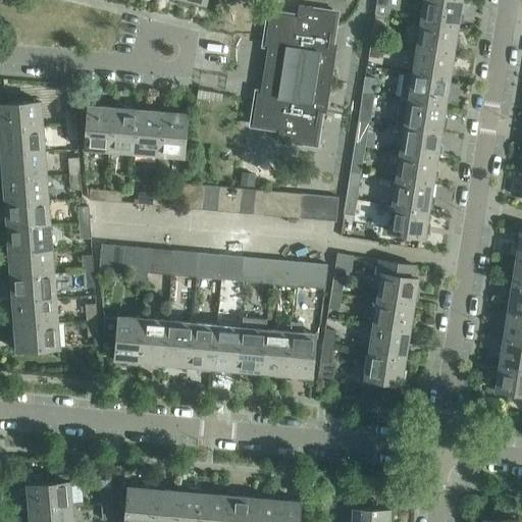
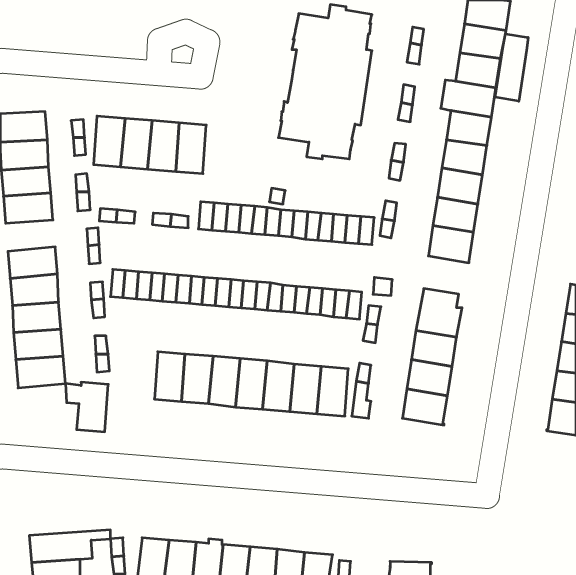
building: none -> [495,34,528,101]
building: [5,200,50,228] -> none
building: [104,317,143,362] -> [65,382,108,432]

